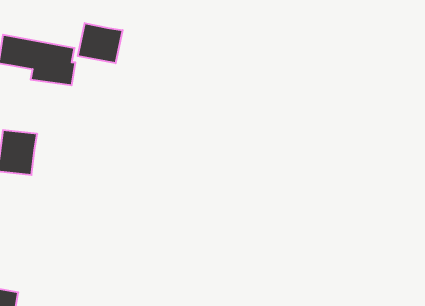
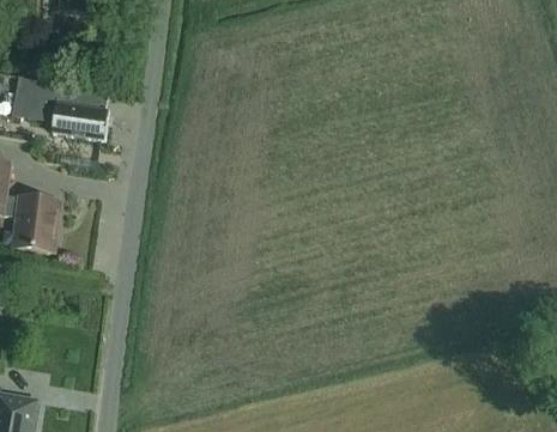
building: [78,23,123,63] -> none

